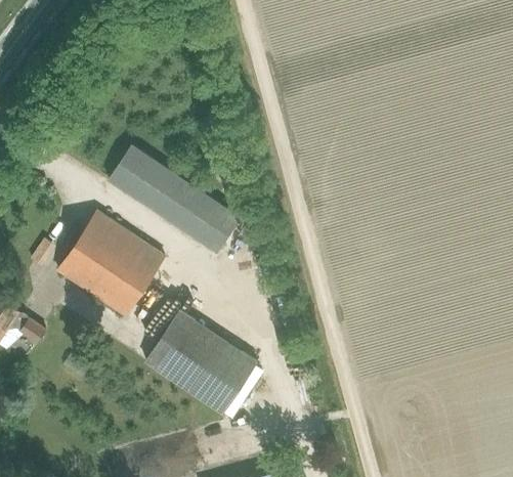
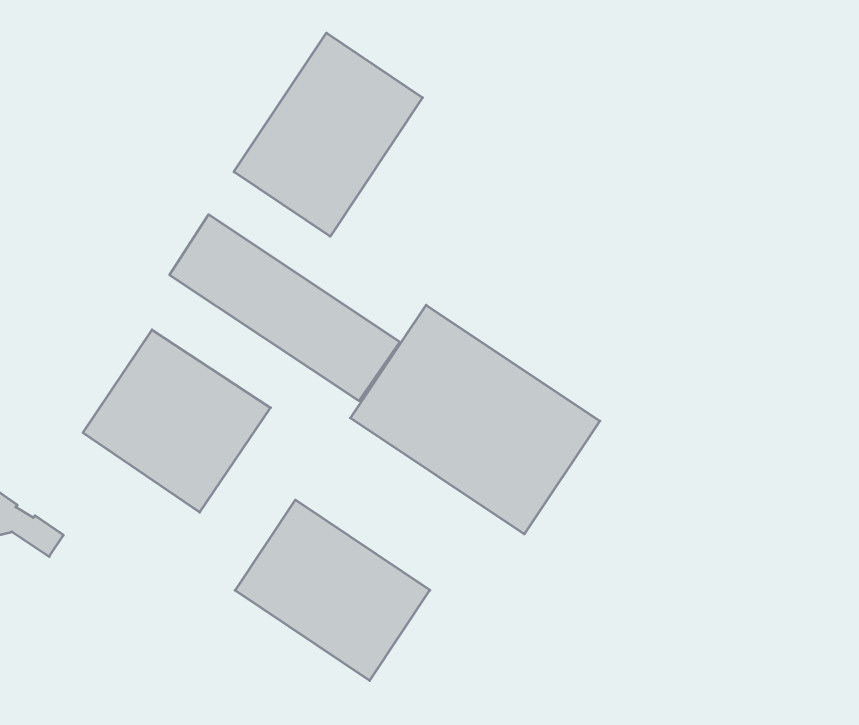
building: none -> [234,33,423,236]
building: none -> [350,305,600,534]

